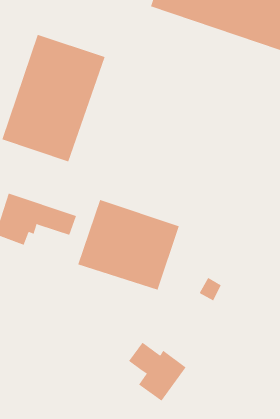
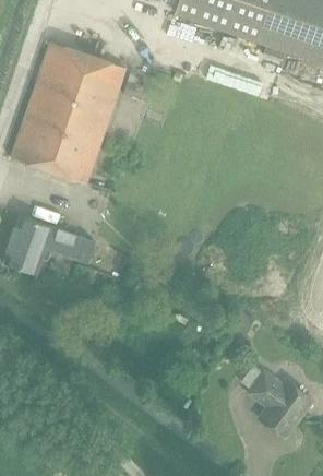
building: [78,199,180,291] -> none
building: [128,342,187,401] -> [248,371,312,437]

